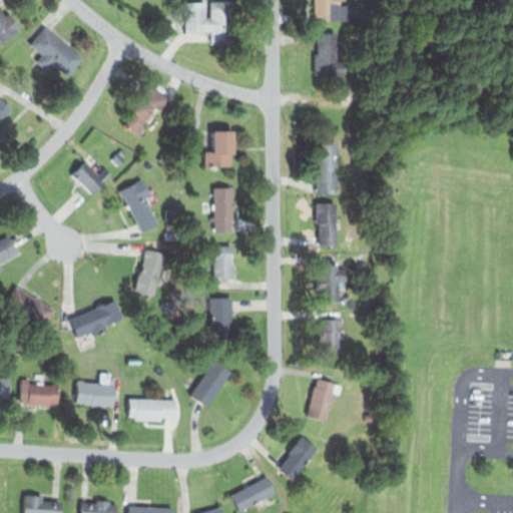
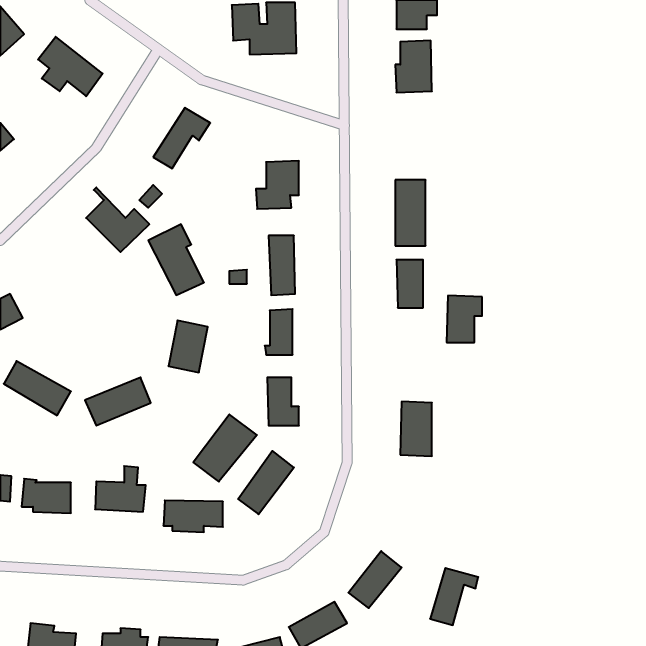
building: [315,266,343,303] -> [447,296,482,342]
building: none -> [193,414,257,482]
building: [305,379,343,424] -> [430,568,478,625]

